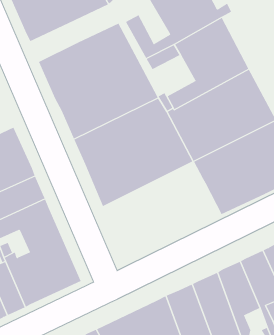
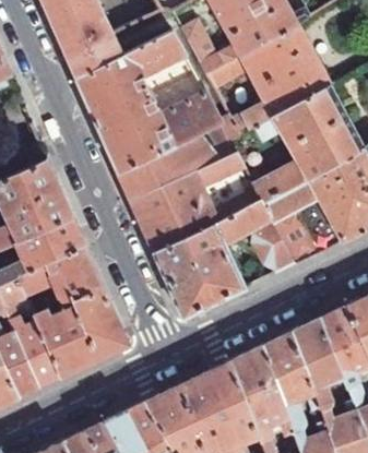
building: none -> [66,34,122,80]
building: none -> [153,200,273,319]
building: none -> [251,226,296,274]

